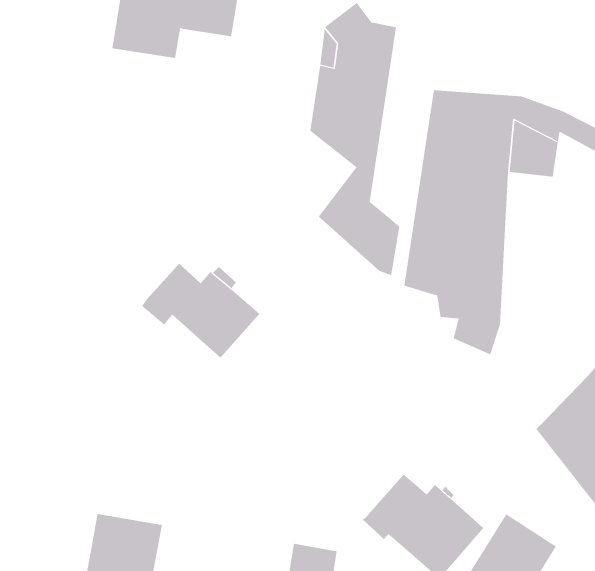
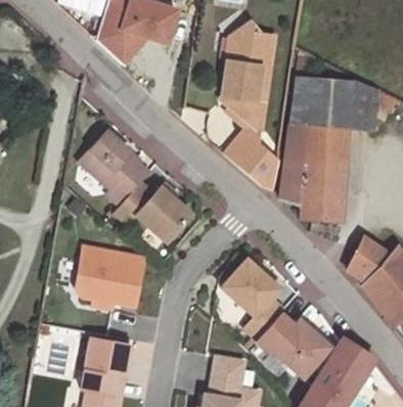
building: none -> [80,132,150,206]
building: none -> [348,234,394,282]
building: none -> [76,246,144,309]
building: none -> [221,260,283,341]

